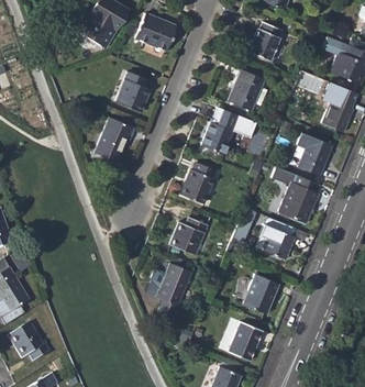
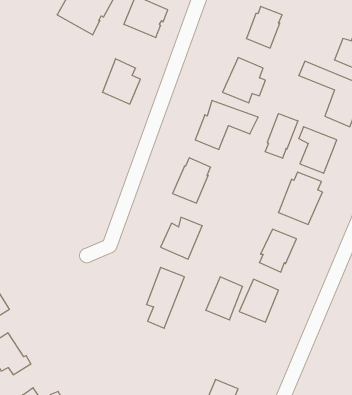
building: [95,117,134,158] -> none
building: none -> [265,114,298,158]
building: [228,320,262,360] -> [206,277,243,320]

